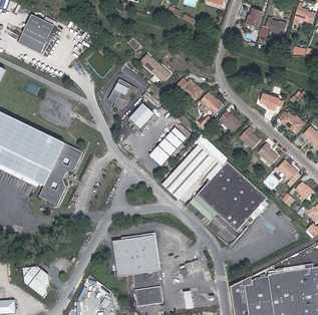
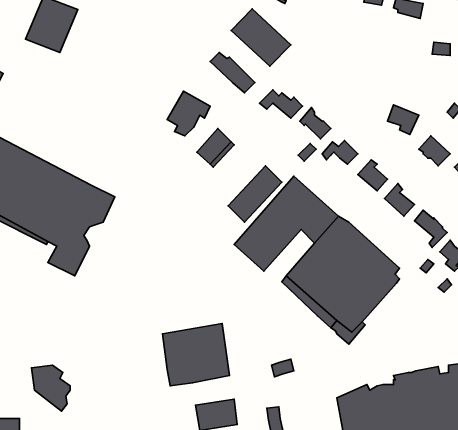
building: none -> [231,9,291,66]
building: [130,271,158,291] -> none

